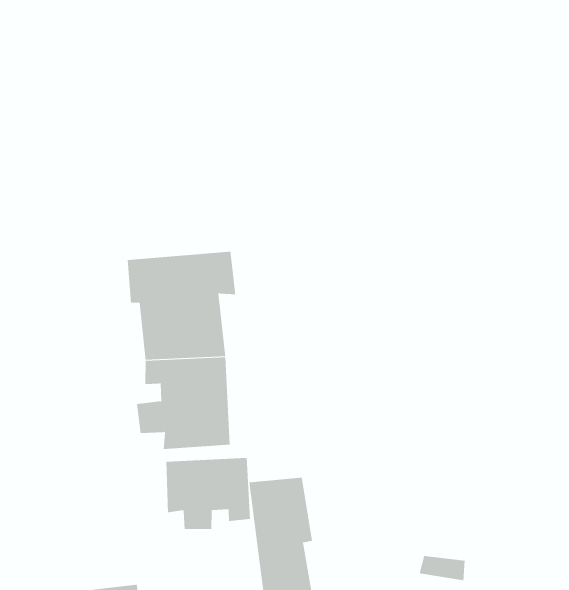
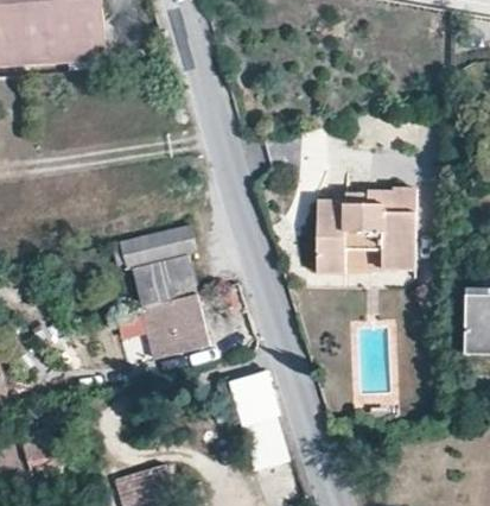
building: none -> [314,188,414,272]
building: [166,457,251,530] -> none

